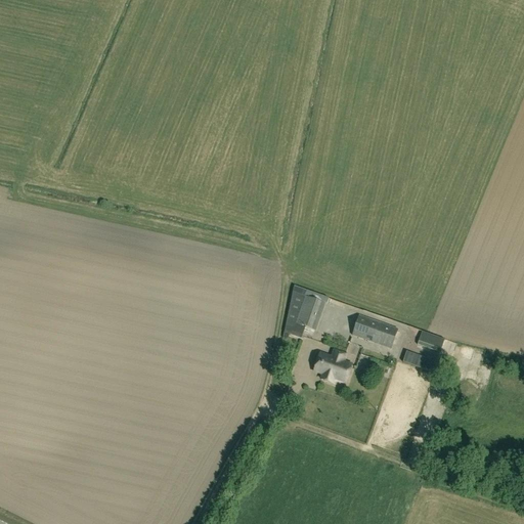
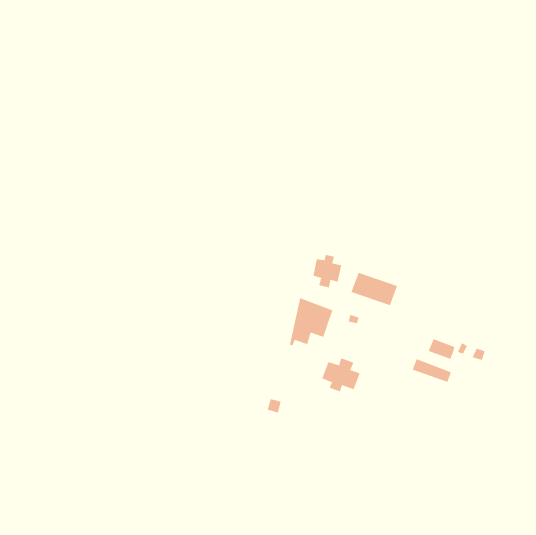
building: none -> [313,254,342,288]
building: [351,314,397,347] -> [351,272,398,306]

